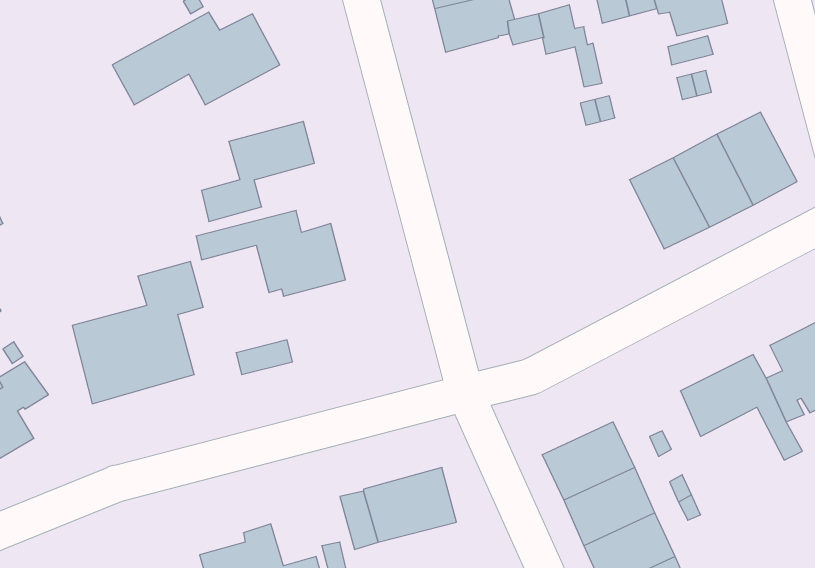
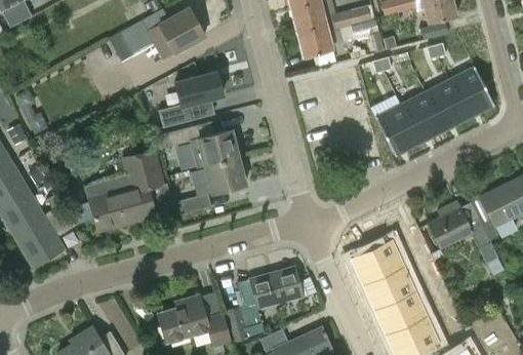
building: none -> [296,24,332,56]
building: none -> [375,104,419,156]
building: none -> [205,160,246,193]

